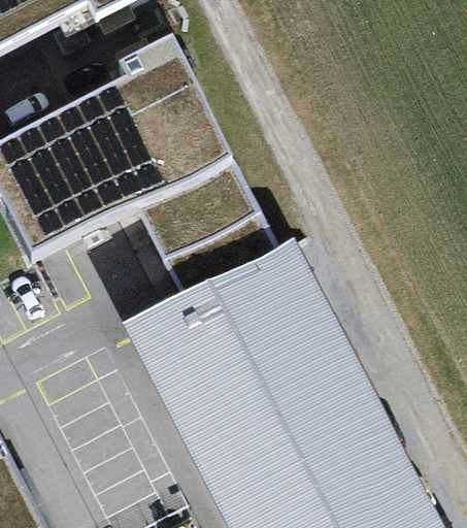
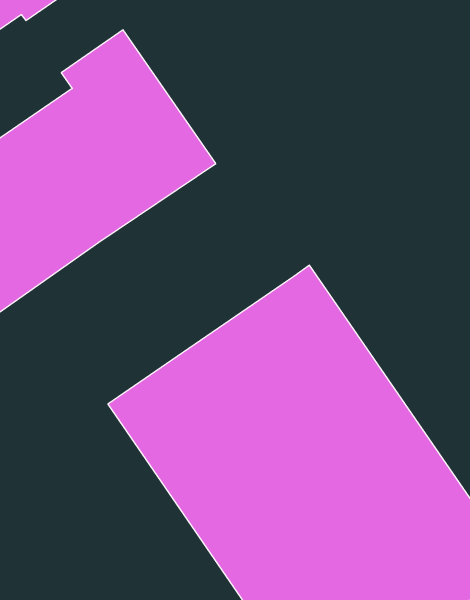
building: [131,148,280,296] -> none

